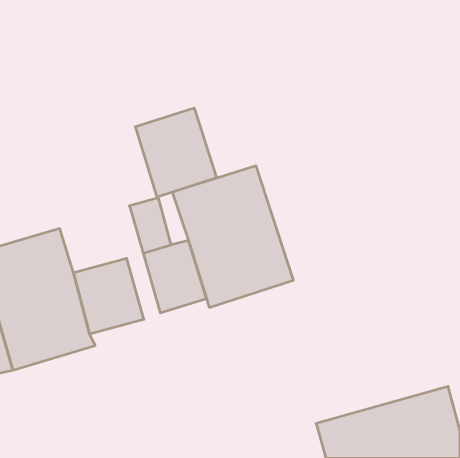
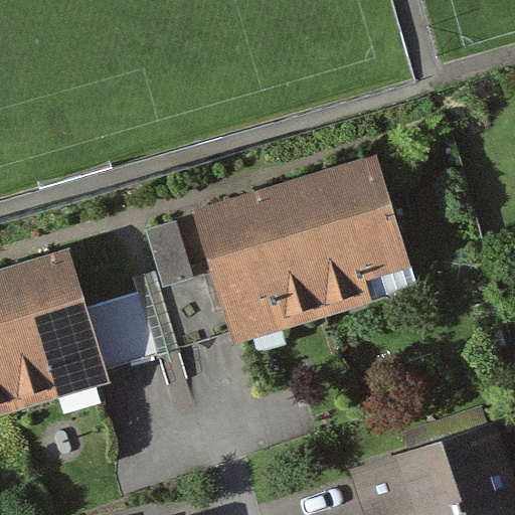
building: [135,108,217,197] -> none
building: none -> [285,154,416,311]

